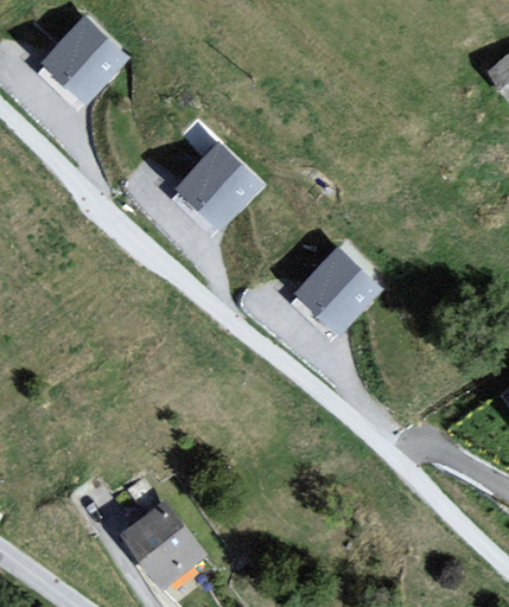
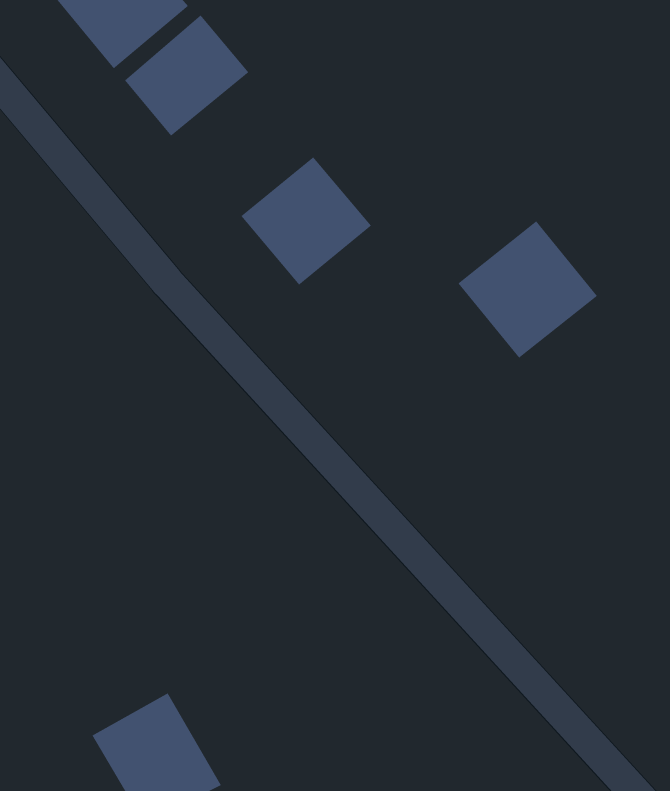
building: none -> [124,15,249,136]
building: [292,247,383,337] -> [457,221,598,359]

